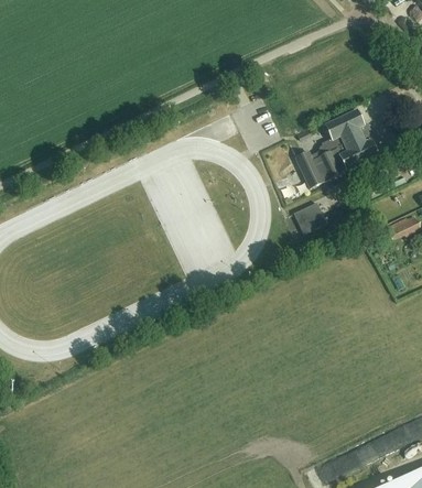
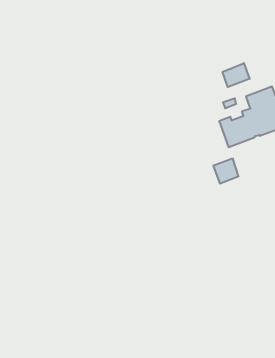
building: none -> [223,63,250,87]

